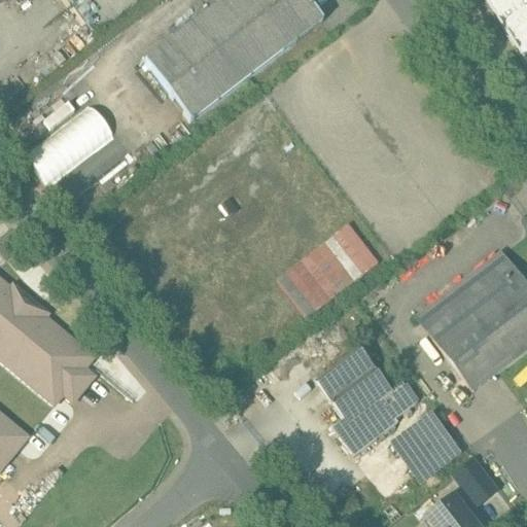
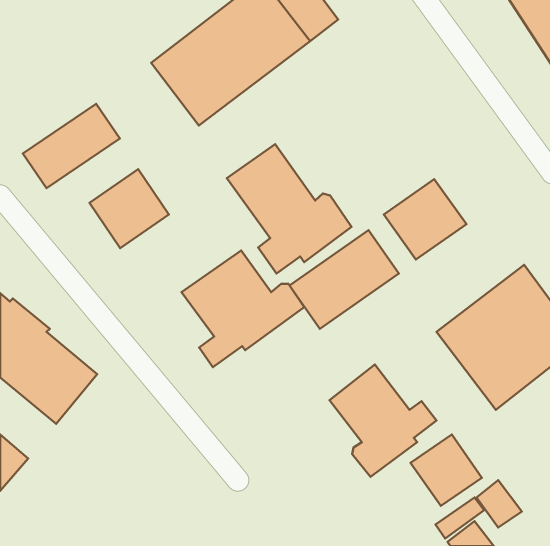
building: none -> [227,144,352,274]
building: none -> [89,169,169,248]
building: none -> [384,179,466,260]
building: none -> [182,250,304,367]

